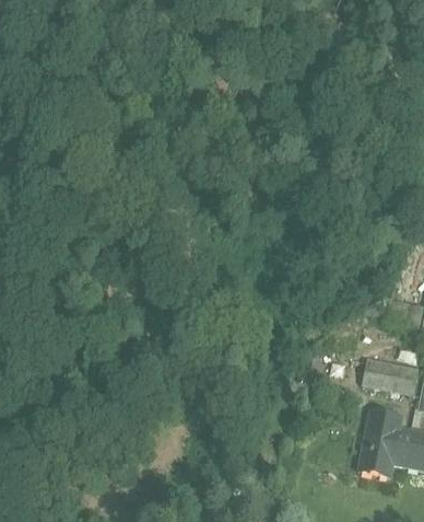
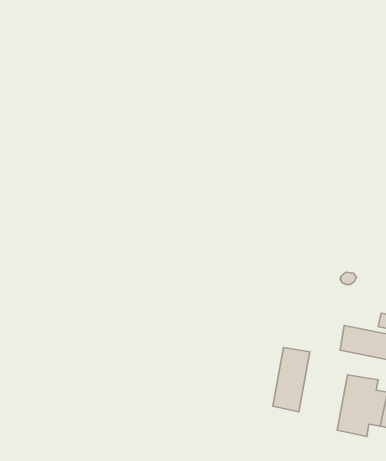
building: none -> [273,347,310,412]

